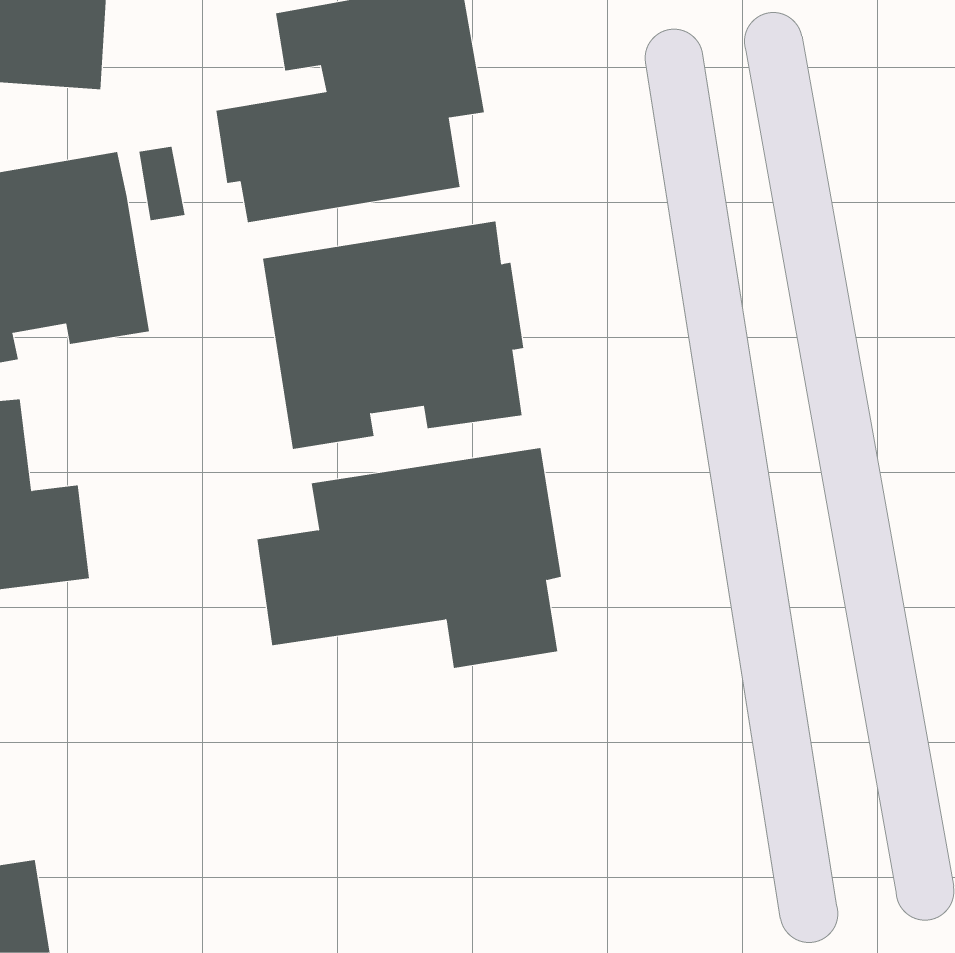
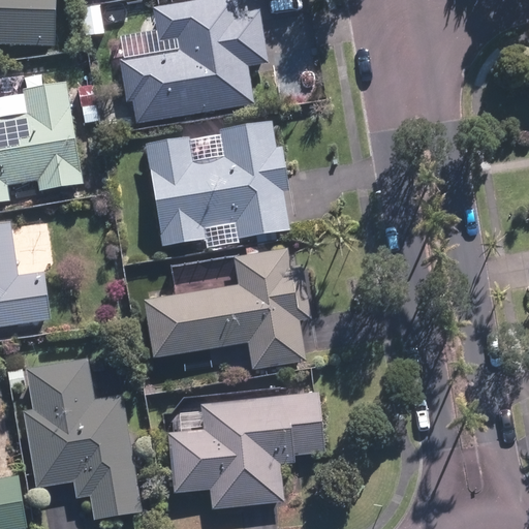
building: none -> [21,359,141,517]
building: none -> [166,393,325,507]

